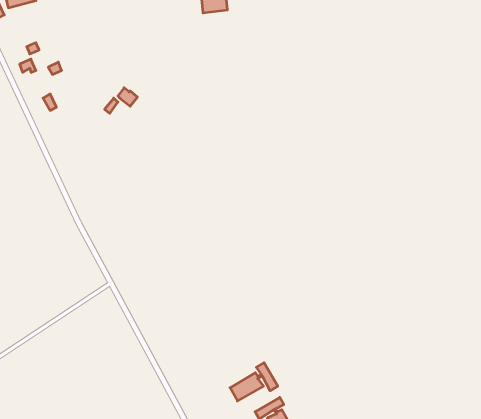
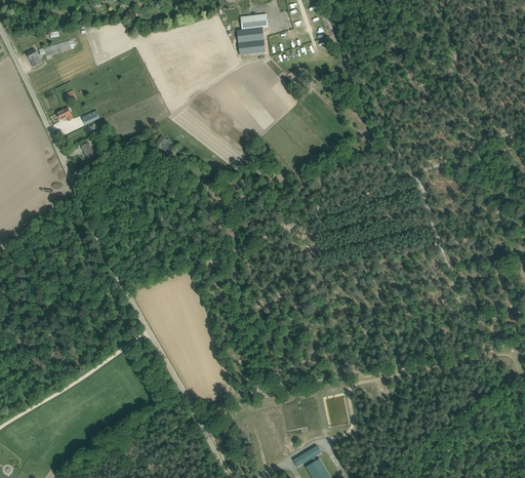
building: [230,363,278,401] -> none

